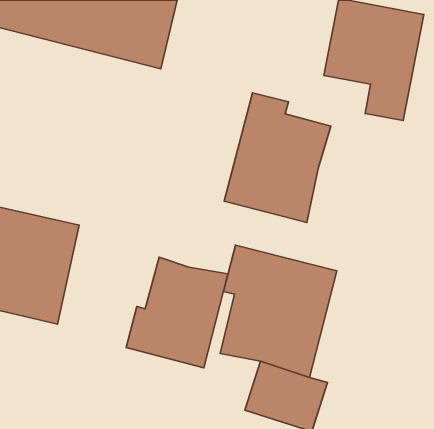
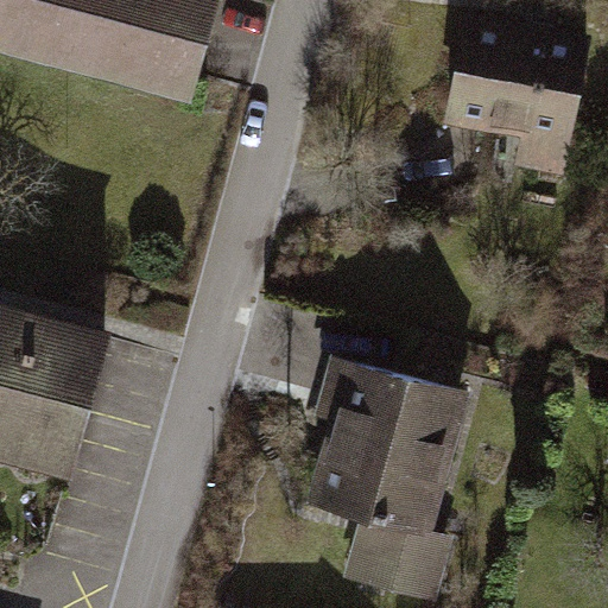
building: [224,93,331,223] -> none
building: [126,257,228,368] -> none

